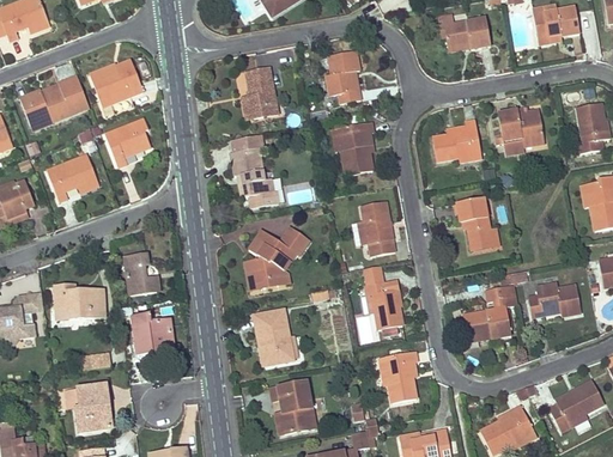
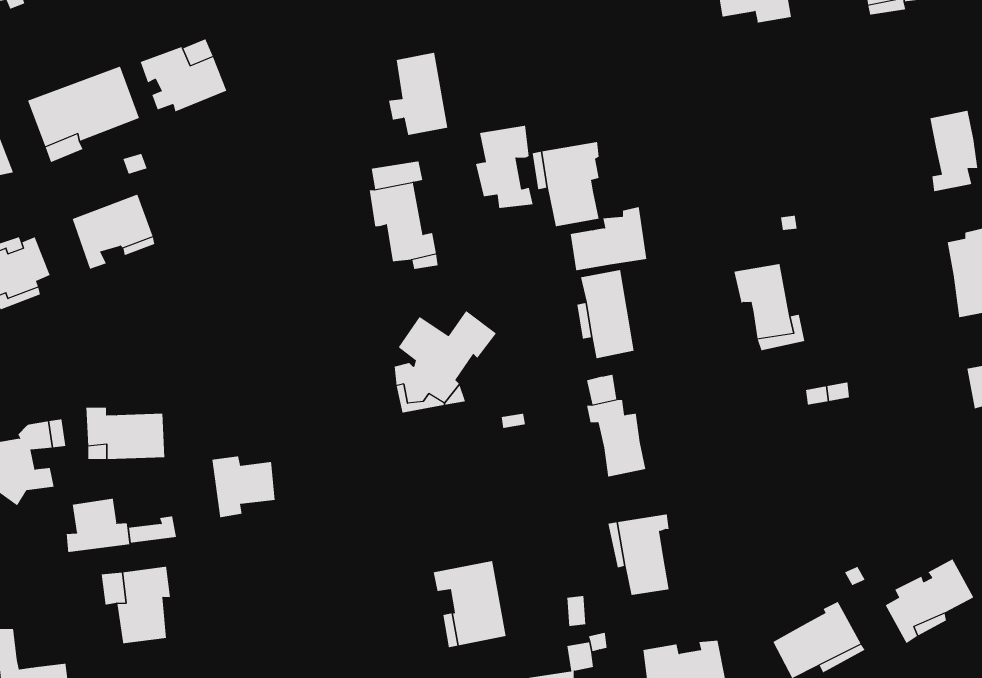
building: [324,51,360,103] -> [475,125,534,209]
building: [498,109,544,146] -> none
building: [104,118,150,166] -> none
building: [432,121,480,160] -> [570,207,647,271]
building: [125,254,158,293] -> none
building: [528,282,579,317] -> none
building: [463,285,517,339] -> none
building: [254,309,292,364] -> none
building: none -> [66,498,130,553]

